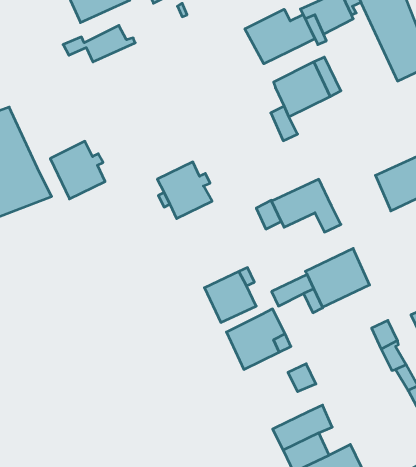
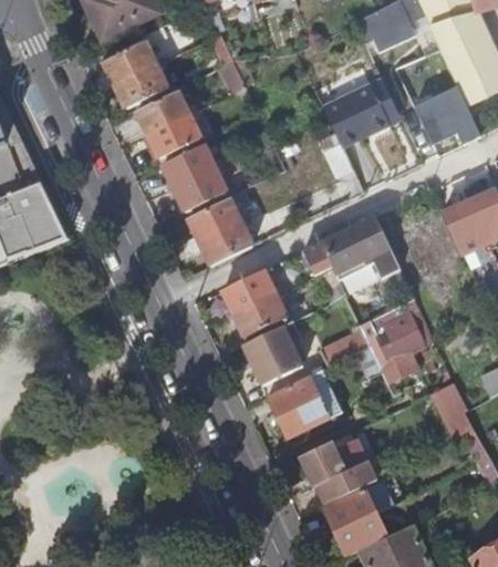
building: [245,9,315,64] -> none
building: none -> [114,62,167,107]
building: none -> [136,92,199,157]
building: none -> [418,92,458,134]
building: [50,141,105,199] -> [163,145,226,212]
building: none -> [221,270,284,337]
building: none -> [298,442,362,506]

